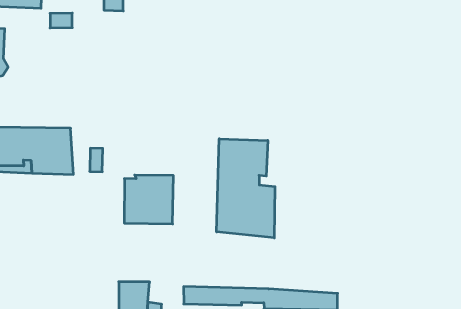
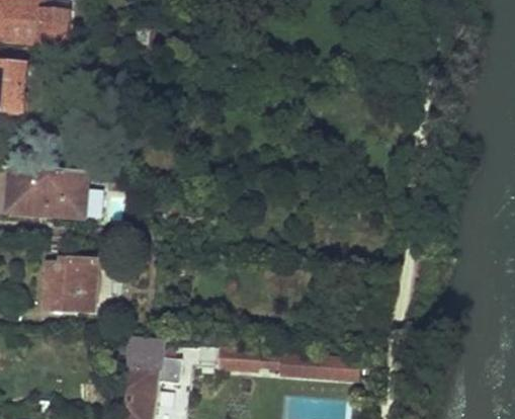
building: [217,139,275,238] -> none
building: [124,175,173,224] -> [44,259,98,313]

